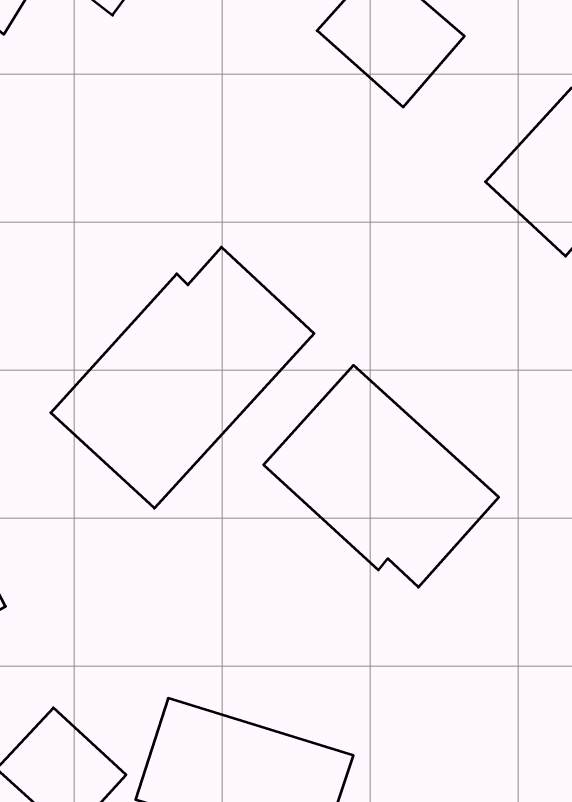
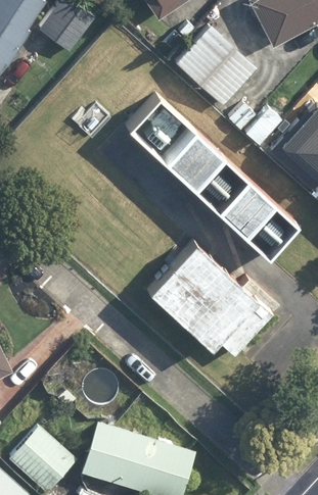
building: none -> [125,101,302,268]
building: [51,247,314,508] -> none

